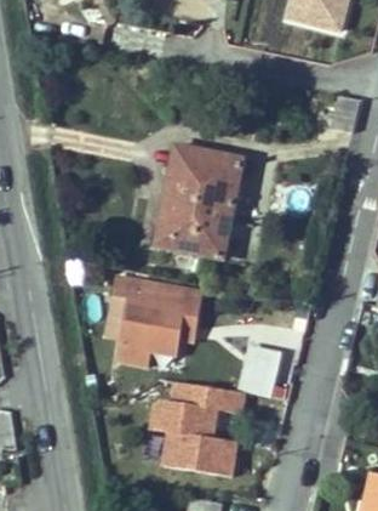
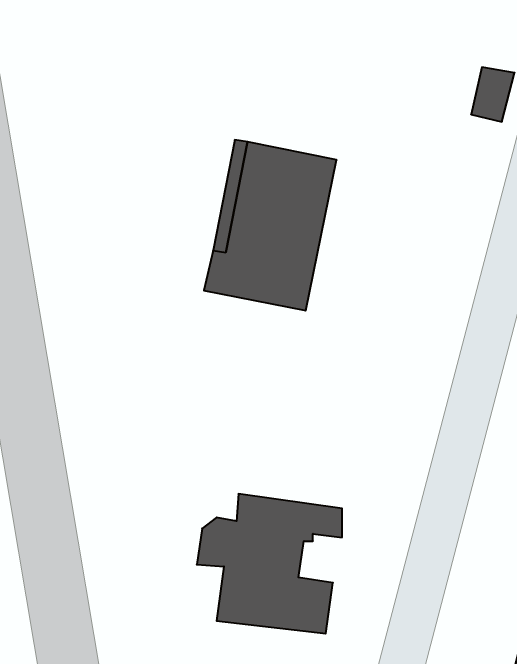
building: [105,274,204,364] -> none
building: [236,342,282,397] -> none

